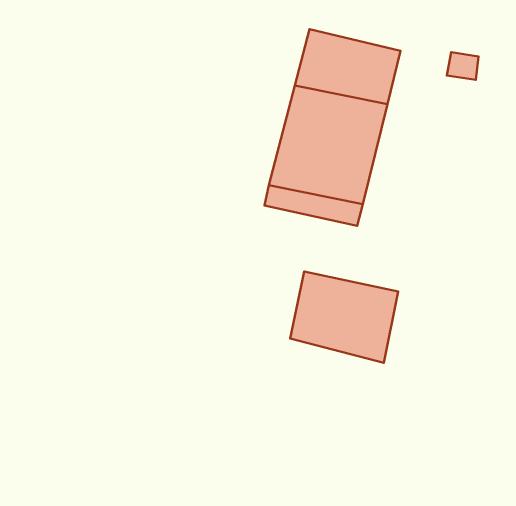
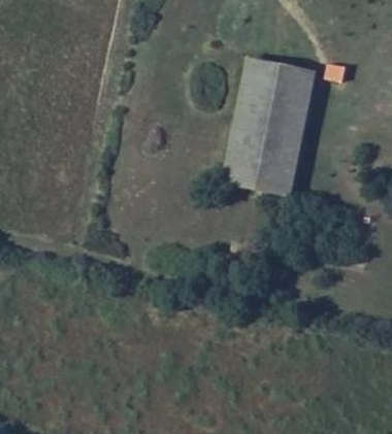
building: [290,271,398,363] -> none

